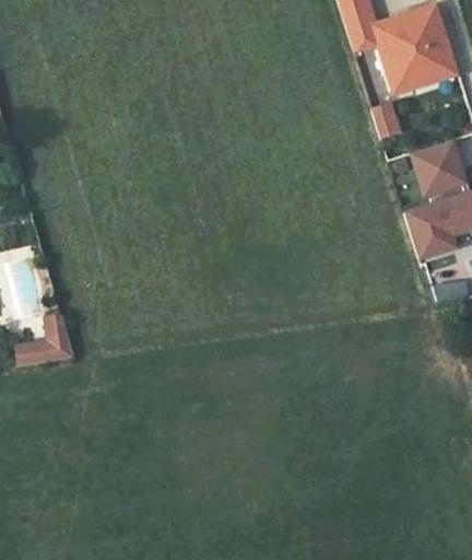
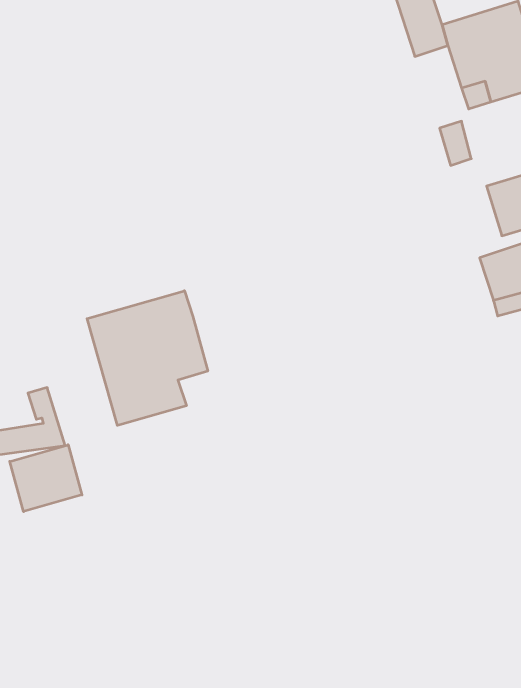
building: none -> [87,291,208,425]
building: none -> [10,445,82,512]

